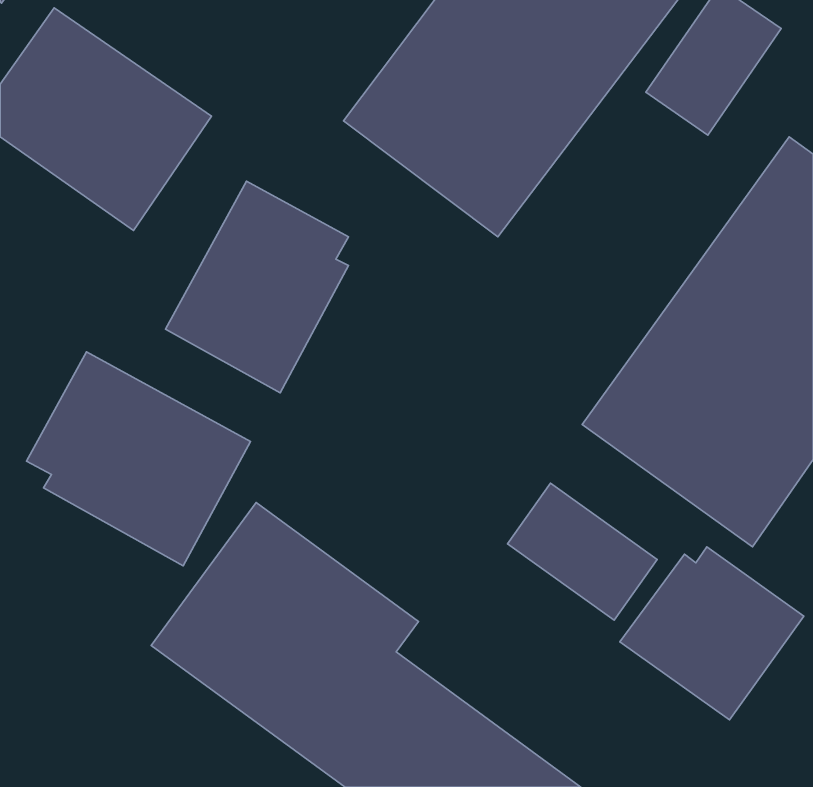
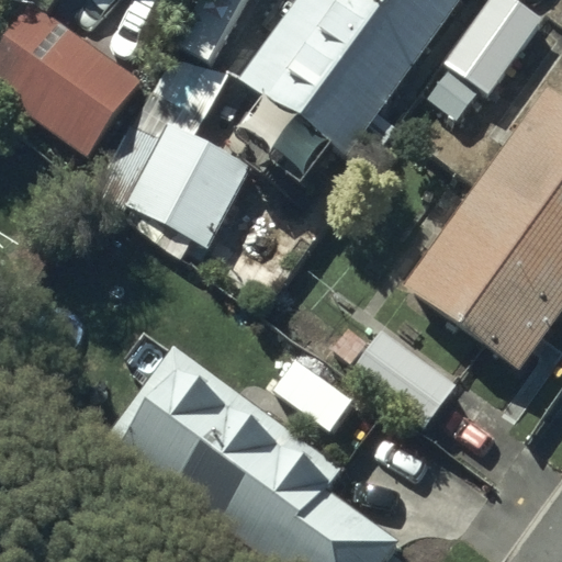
building: [26,352,250,566] -> none
building: [620,547,804,720] -> none

